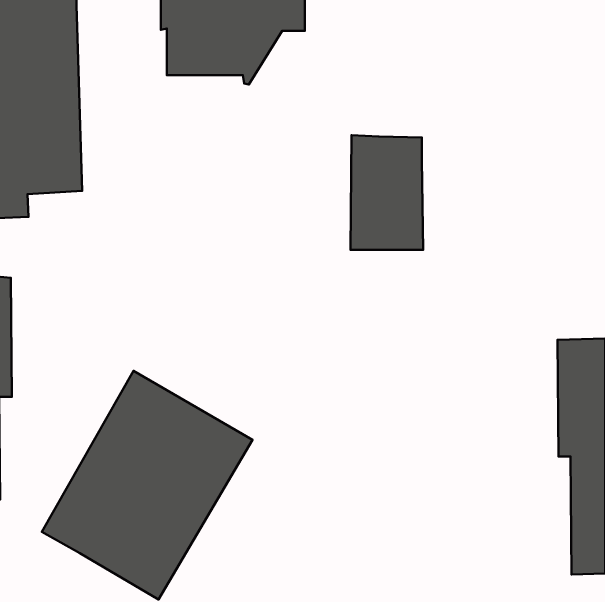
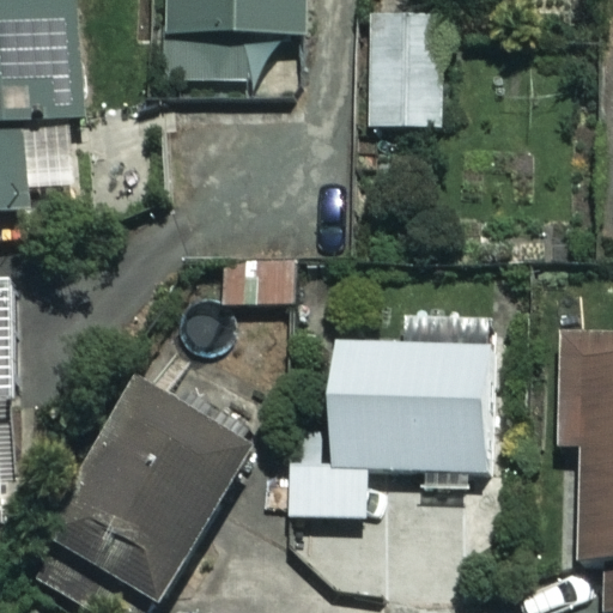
building: [350,135,423,250] -> [368,8,441,123]
building: none -> [295,326,502,524]

